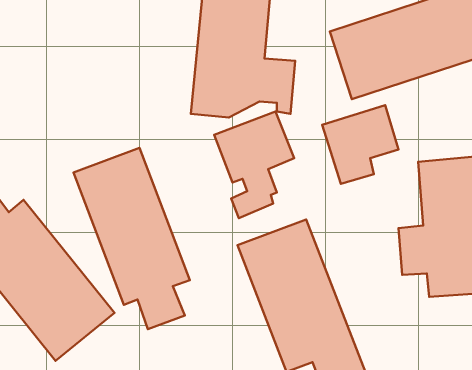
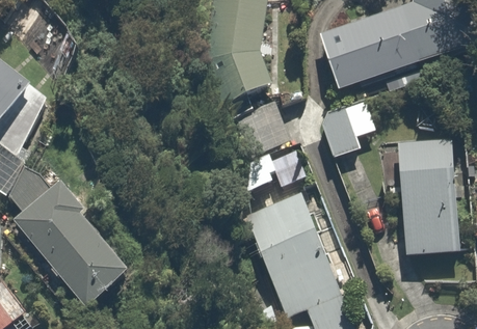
building: [74,148,190,329] -> none

